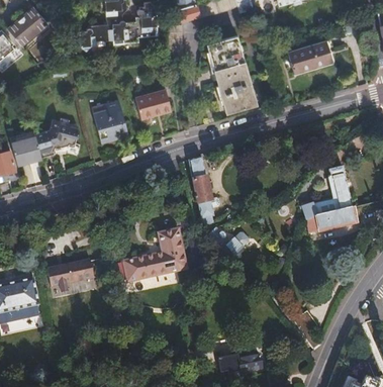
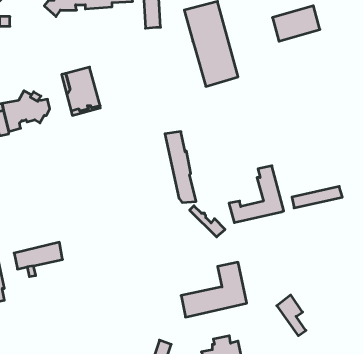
building: [135,89,170,118] -> none
building: [302,166,354,219] -> [229,166,284,223]
building: [122,231,184,283] -> [181,262,247,317]

